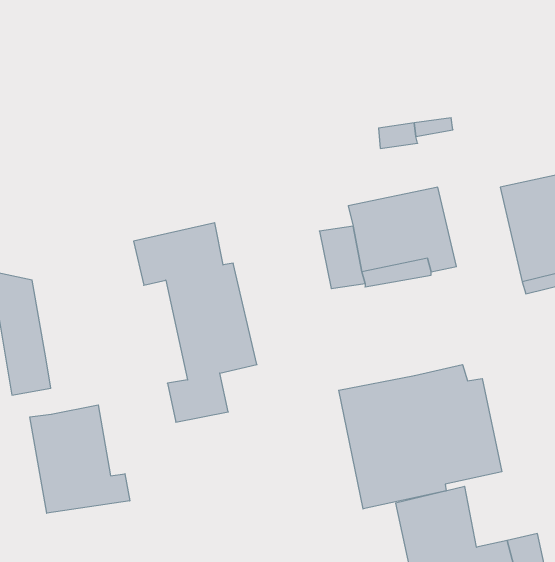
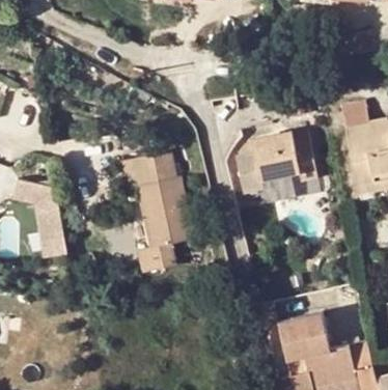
building: [339,365,502,509] -> none
building: [30,405,130,513] -> none

